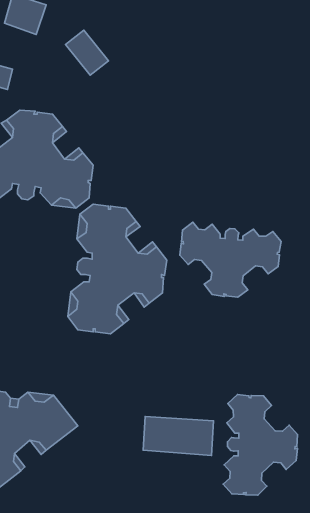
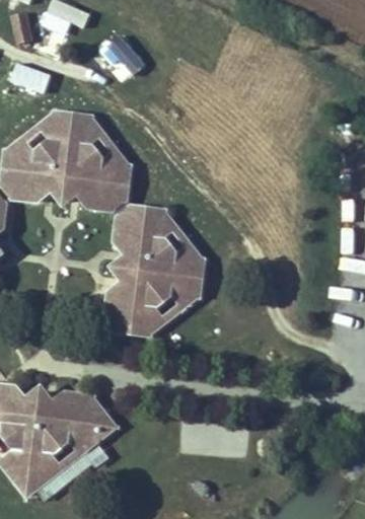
building: [180,222,281,297] -> none
building: [223,395,297,495] -> none

